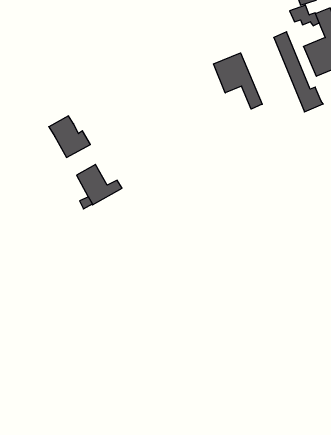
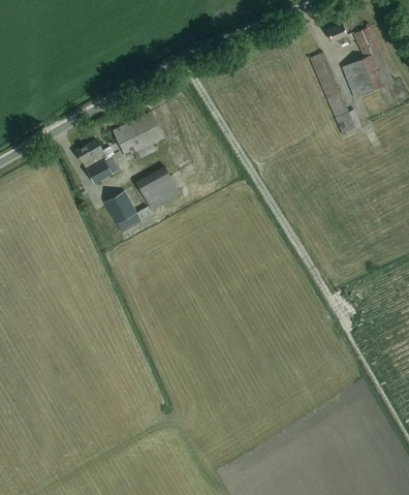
building: [214,53,262,109] -> none
building: none -> [113,110,164,159]
building: none -> [136,165,181,209]

